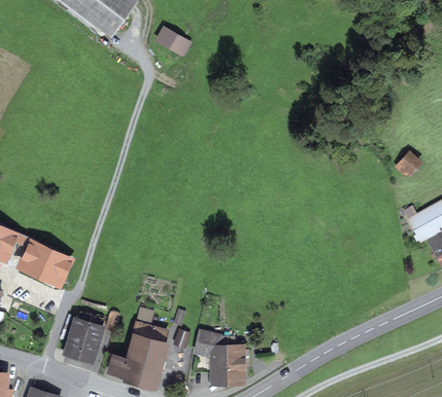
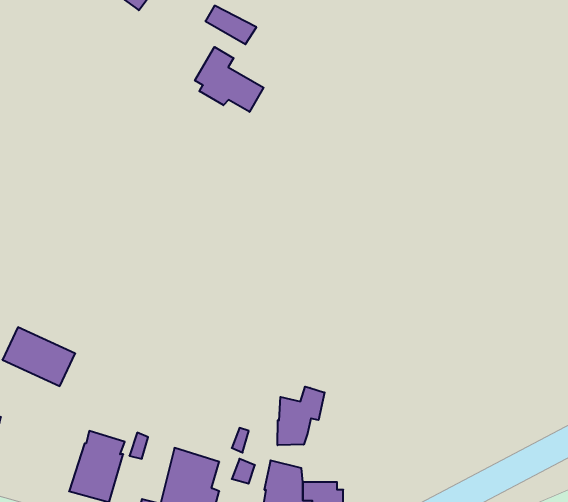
building: none -> [195,47,264,112]
building: none -> [278,387,325,445]

